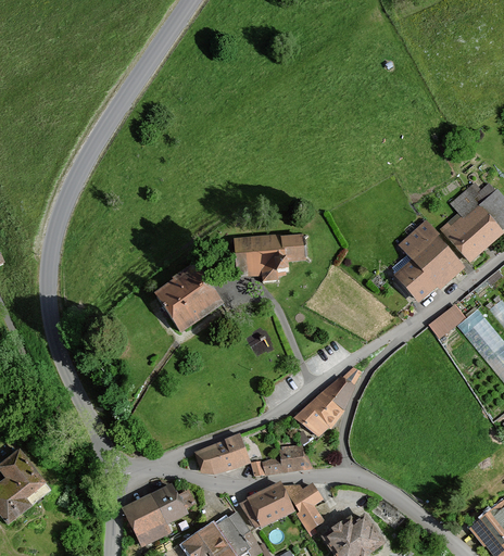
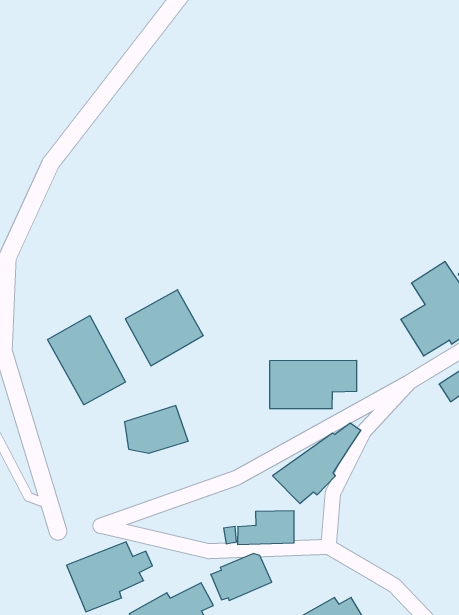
building: [232,233,308,280] -> [270,360,357,408]
building: none -> [48,316,126,405]
building: [198,432,253,475] -> [124,406,188,453]
building: [287,482,324,526] -> none

